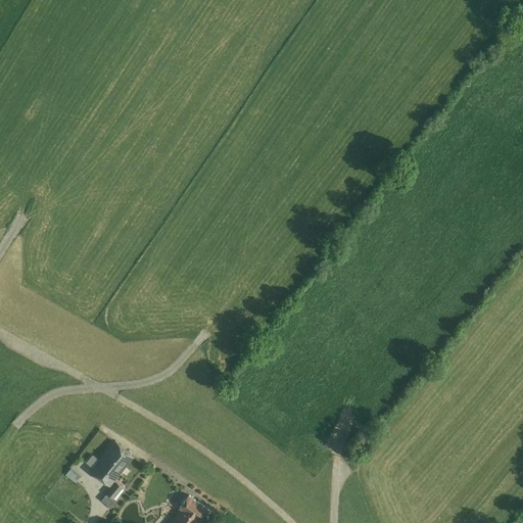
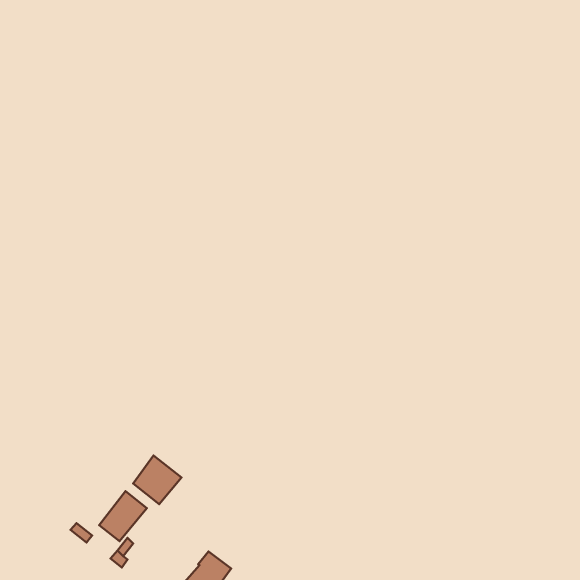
building: none -> [133,456,181,504]

